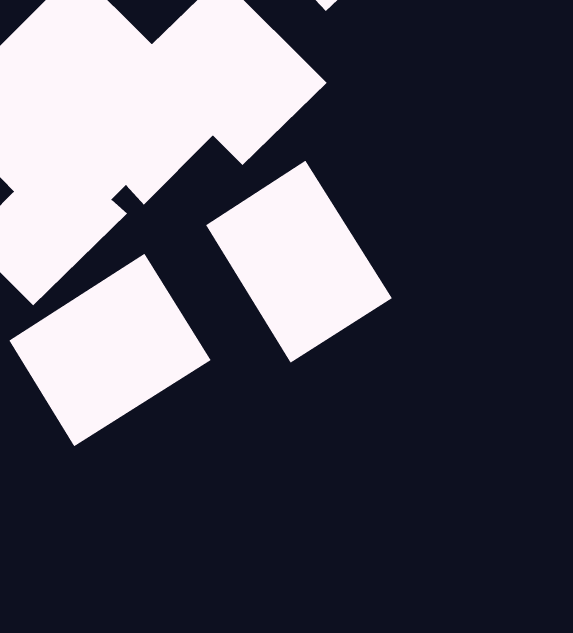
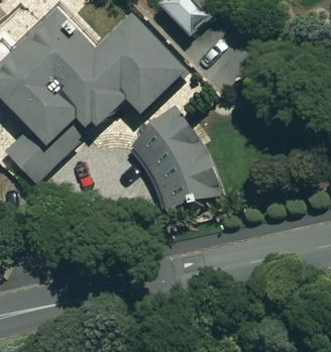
building: [9,253,212,447] -> none

